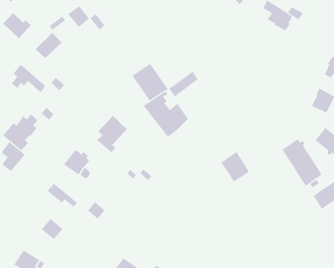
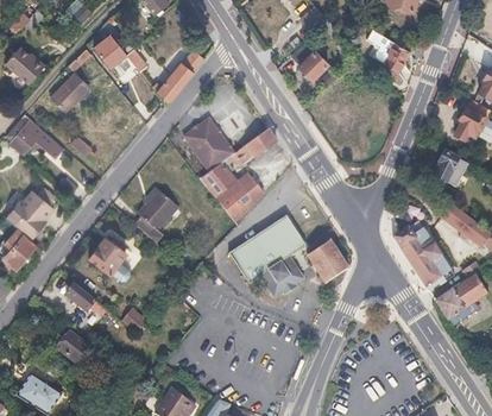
building: none -> [299,42,328,80]
building: none -> [151,50,203,105]
building: none -> [228,216,305,298]

